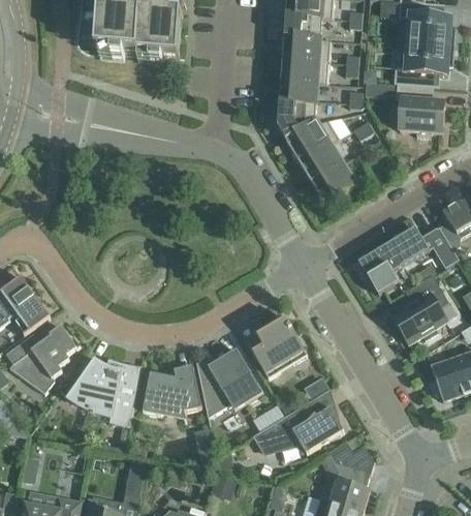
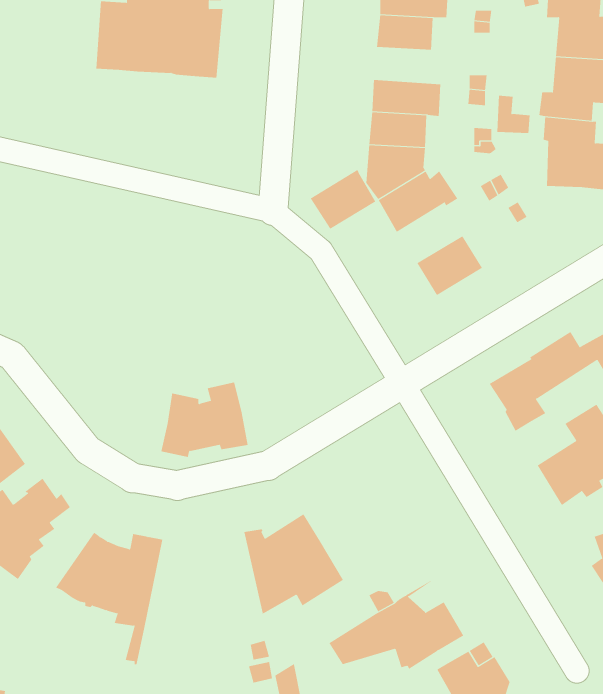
building: [282,36,329,61] -> none
building: [297,141,342,181] -> [310,169,376,229]
building: [249,314,307,377] -> none
building: [143,365,201,416] -> [161,382,249,458]

